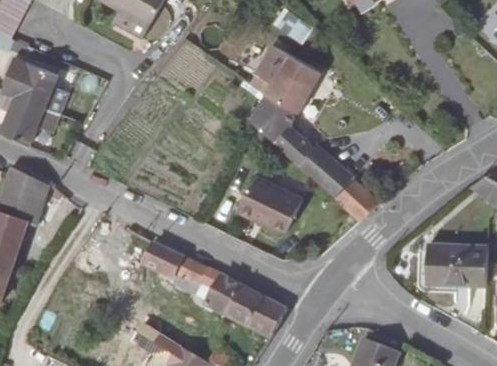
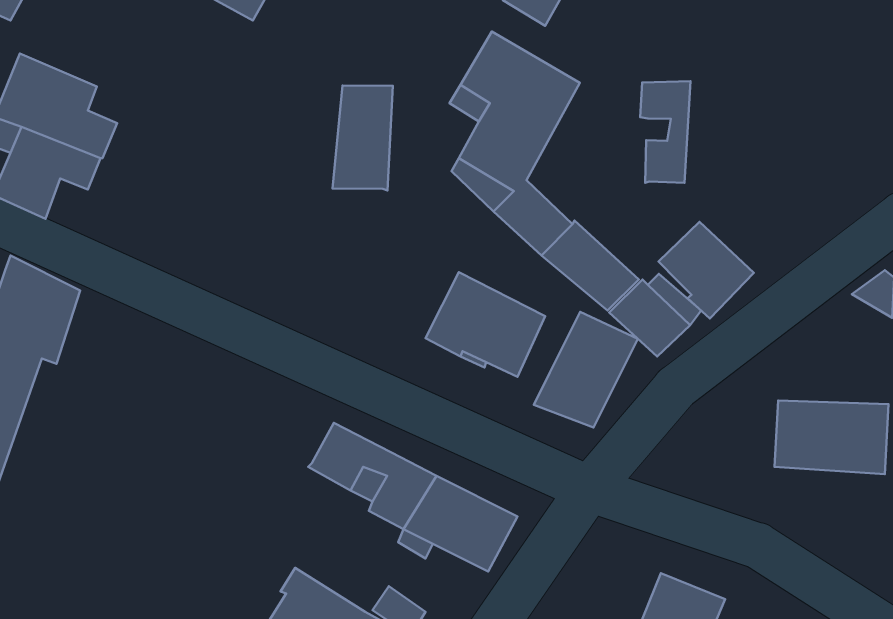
building: none -> [640,81,690,183]
building: none -> [332,86,393,190]
building: none -> [659,222,754,319]
building: none -> [534,312,638,428]
building: [141,242,185,279] -> none

